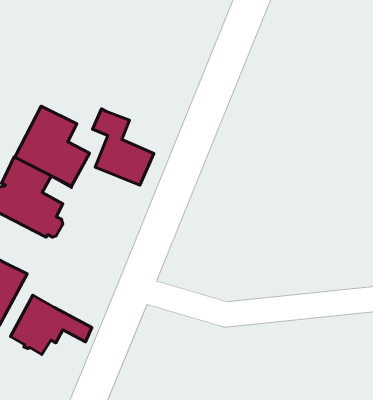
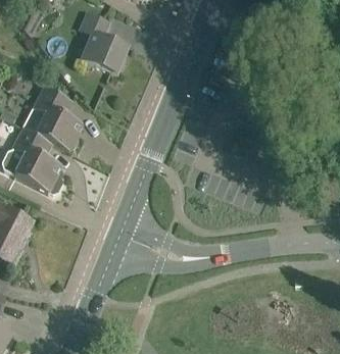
building: [93,109,154,185] -> [80,11,129,72]
building: [10,295,92,354] -> none

